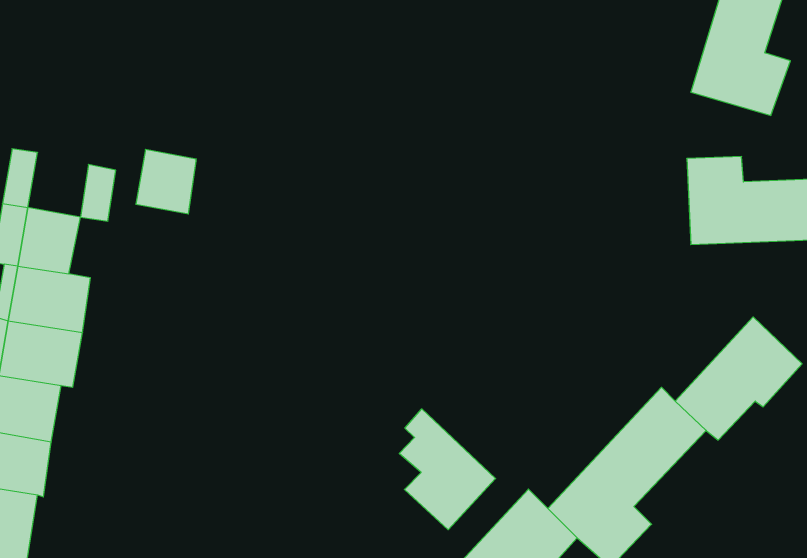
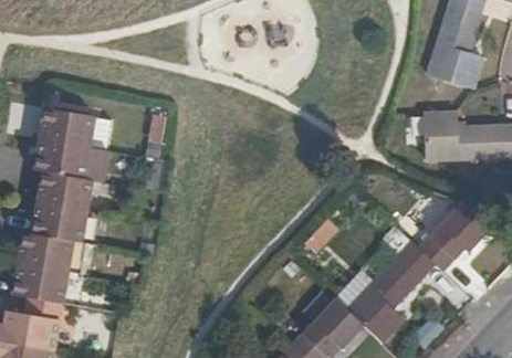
building: [136,149,196,214] -> [53,108,87,145]
building: [399,409,496,530] -> none

